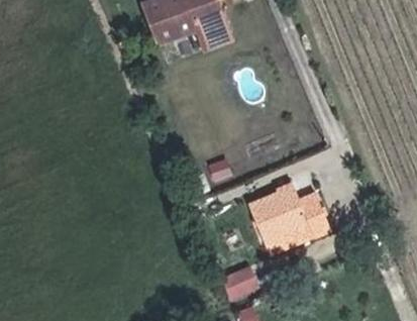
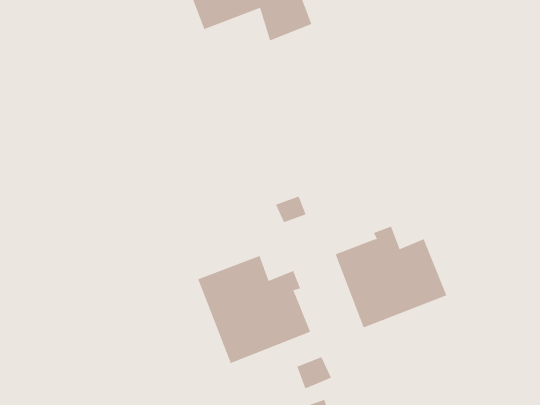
building: none -> [197,255,311,364]

